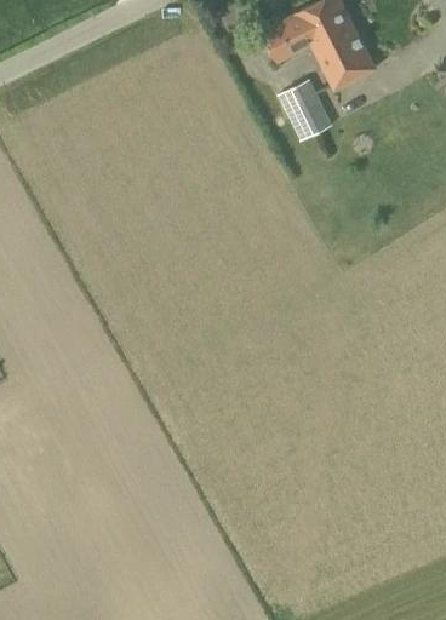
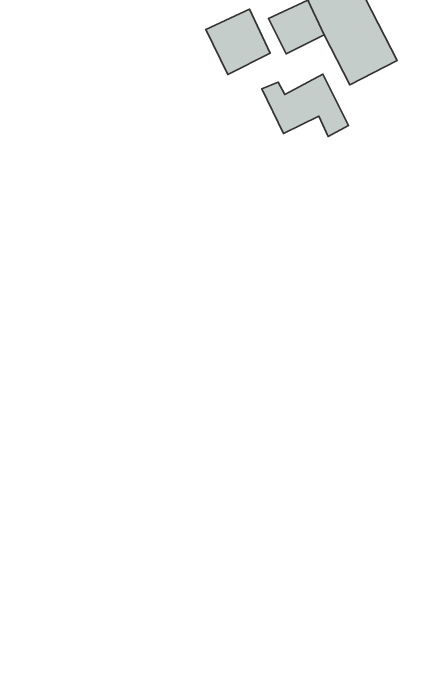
building: none -> [206,9,270,75]

